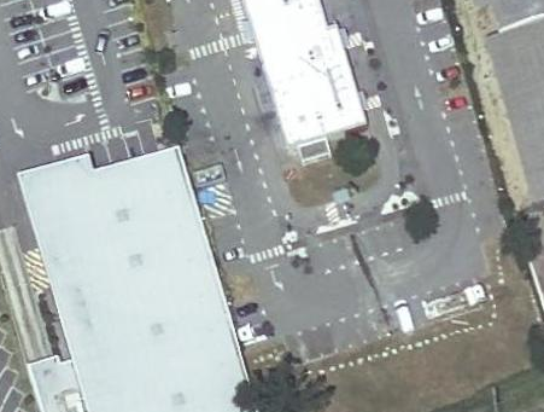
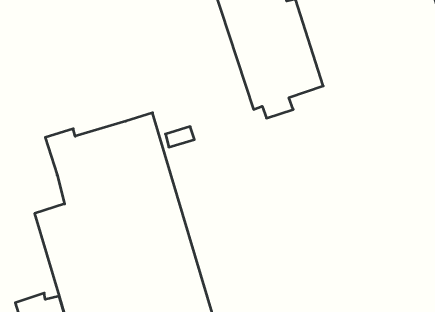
building: [19,159,88,231] -> none

